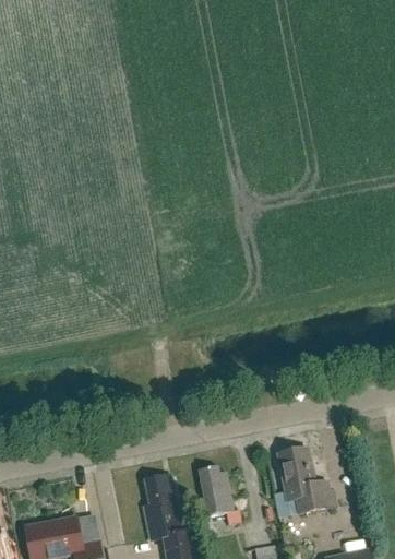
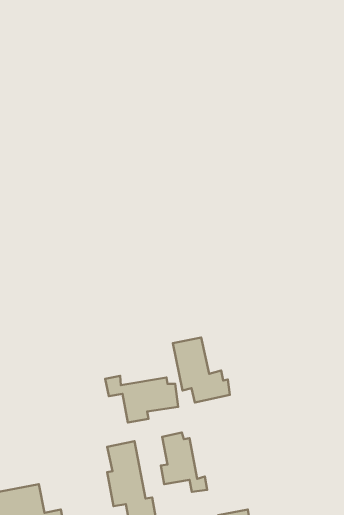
building: none -> [105,376,178,423]
building: [278,449,335,513] -> [173,338,230,403]

